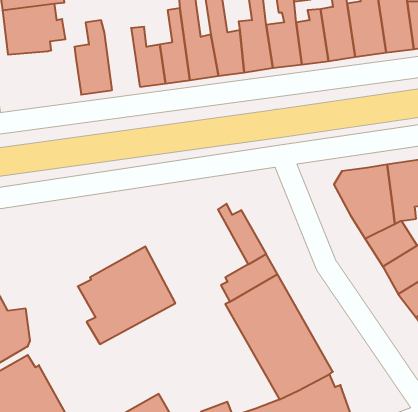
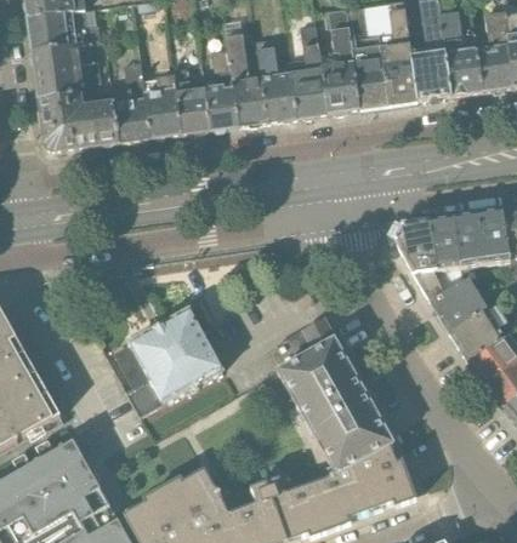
building: none -> [144,69,183,137]
building: none -> [39,95,119,152]
building: [218,204,266,264] -> none

